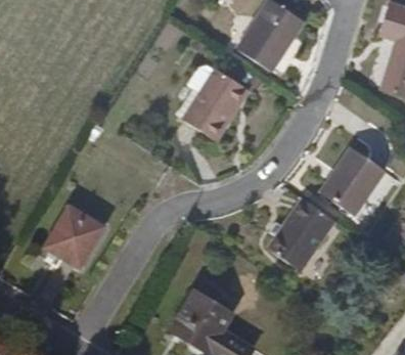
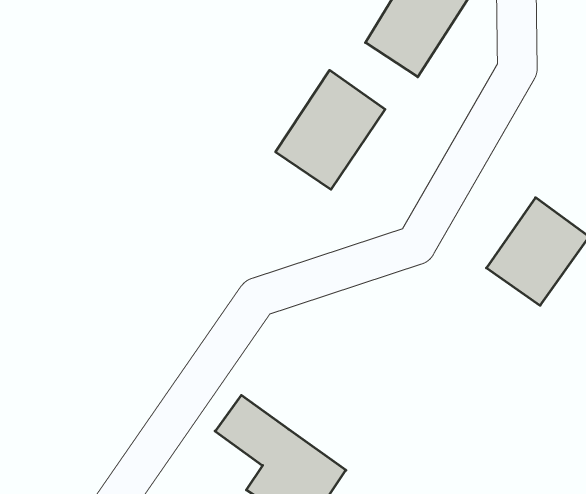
building: [267,197,334,270] -> none
building: [43,207,104,268] -> none

